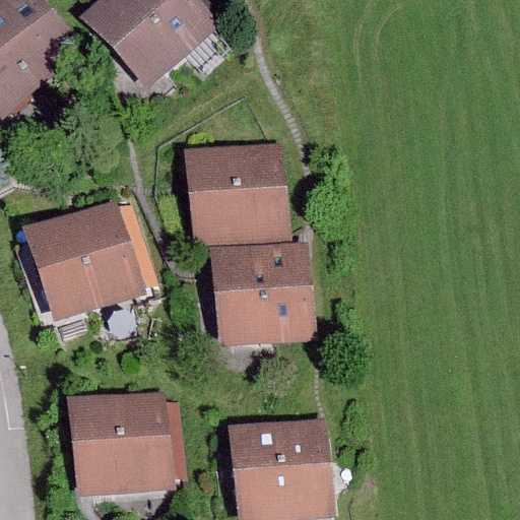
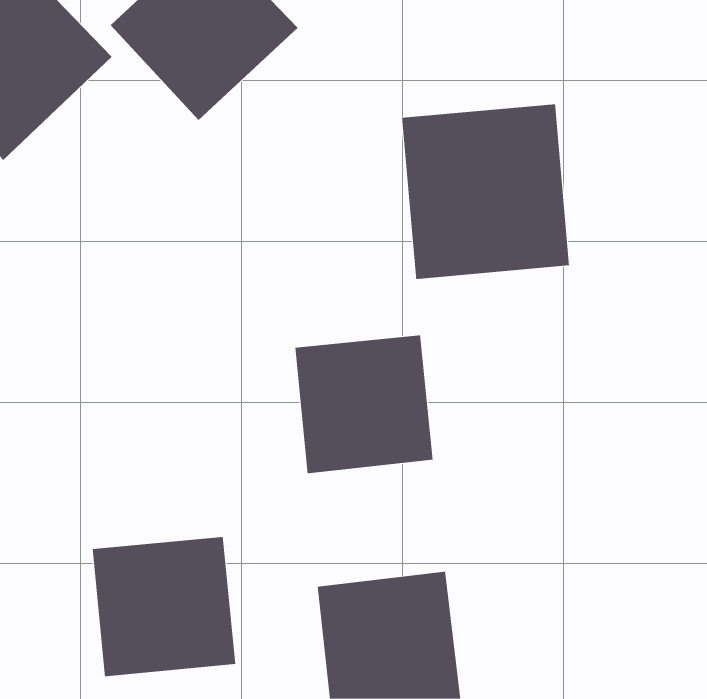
building: none -> [402,103,570,280]
building: [186,142,290,241] -> none
building: [24,200,145,322] -> none

